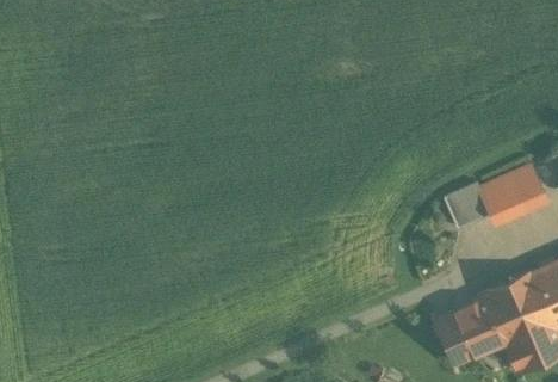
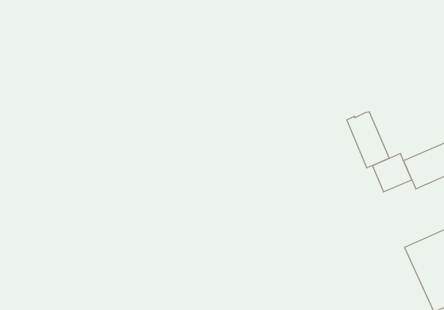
building: none -> [347,112,389,168]
building: [438,298,506,363] -> none

